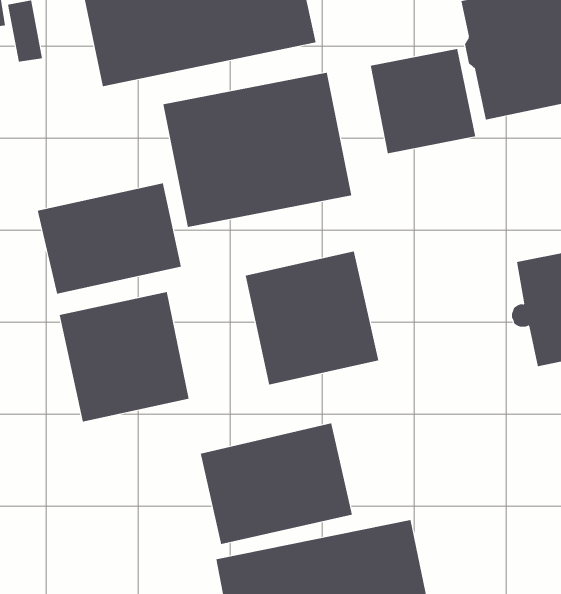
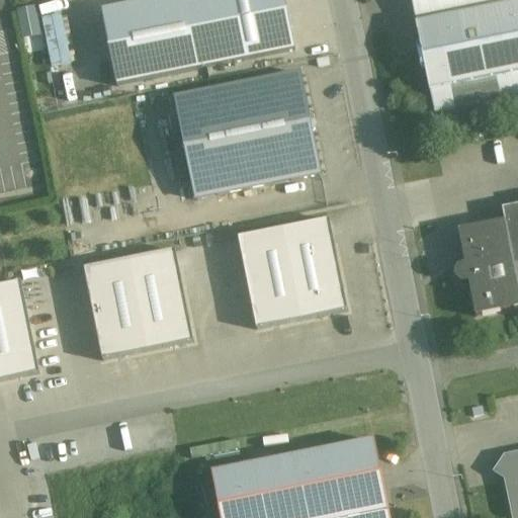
building: [370,48,476,154] -> none
building: [37,183,182,295] -> none
building: [200,423,353,545] -> none

